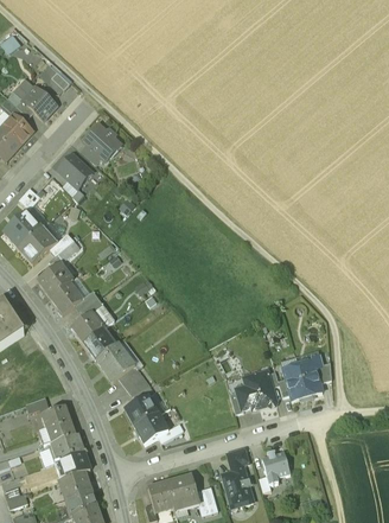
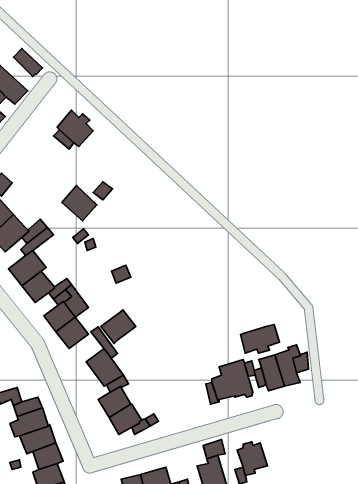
building: [57,153,91,187] -> [62,186,97,221]
building: none -> [240,324,280,353]
building: [95,342,129,375] -> [101,310,136,344]

